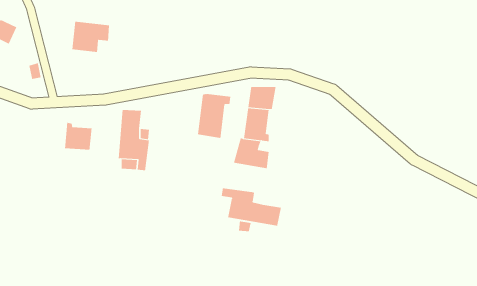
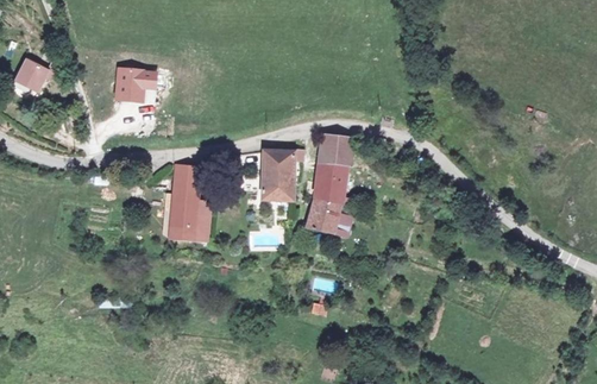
building: [65,122,92,150] -> none
building: [221,188,282,227] -> none

